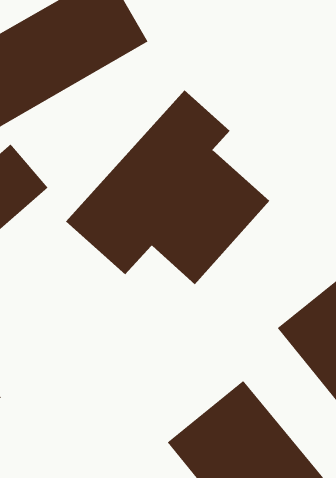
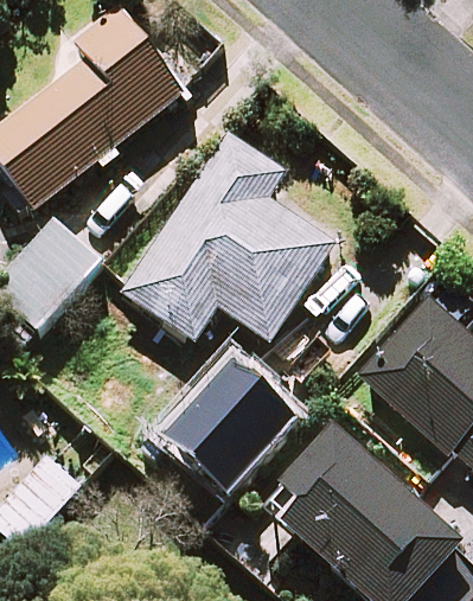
building: none -> [161,364,288,491]

